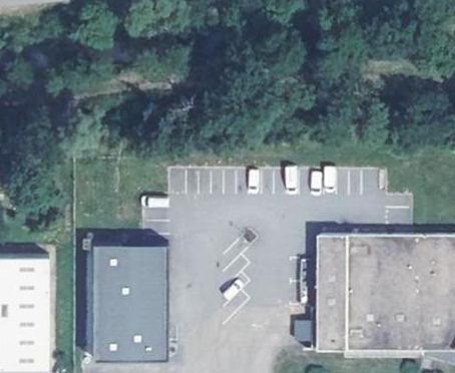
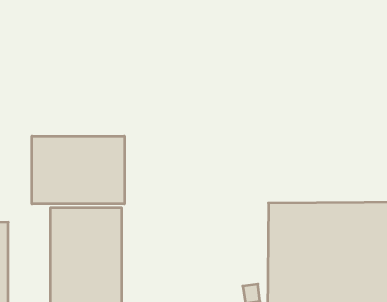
building: none -> [32,136,124,204]

